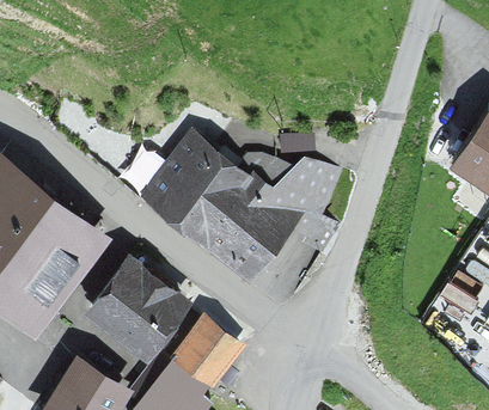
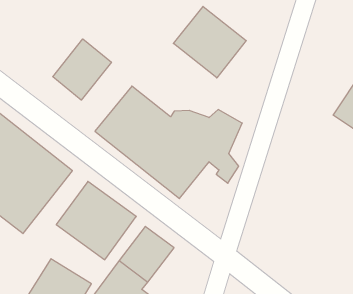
building: none -> [173,6,246,78]
building: none -> [53,39,111,100]

